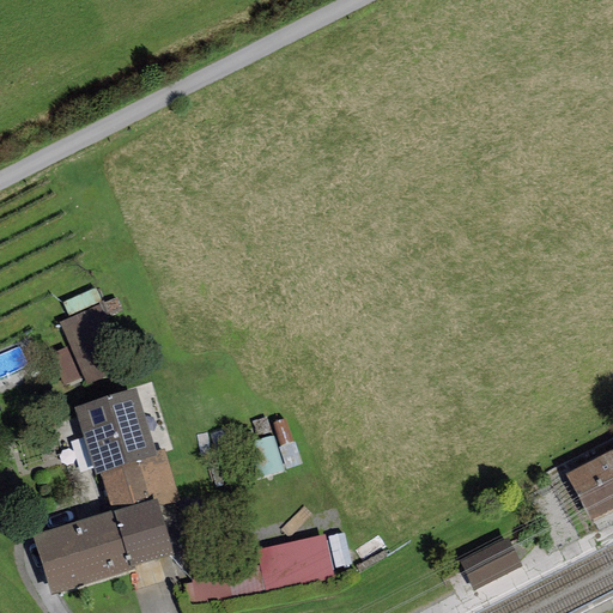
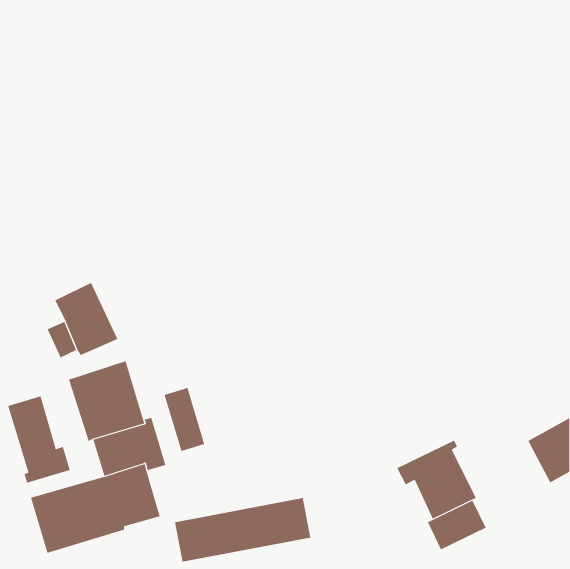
building: none -> [164,387,205,452]
building: none -> [7,395,71,484]
building: none -> [397,440,476,520]

